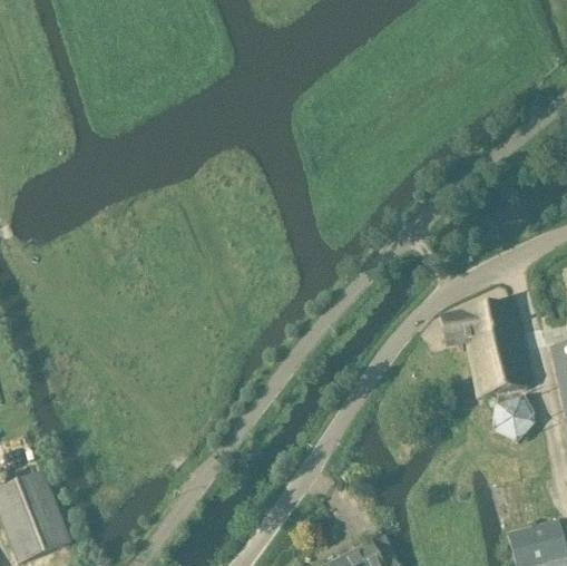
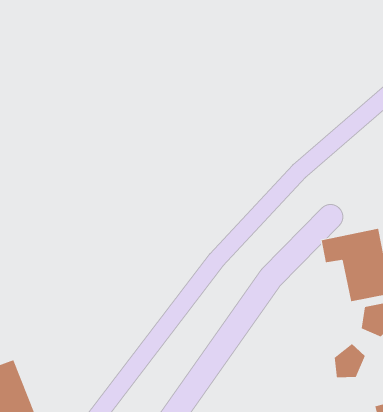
building: none -> [334,343,366,378]

